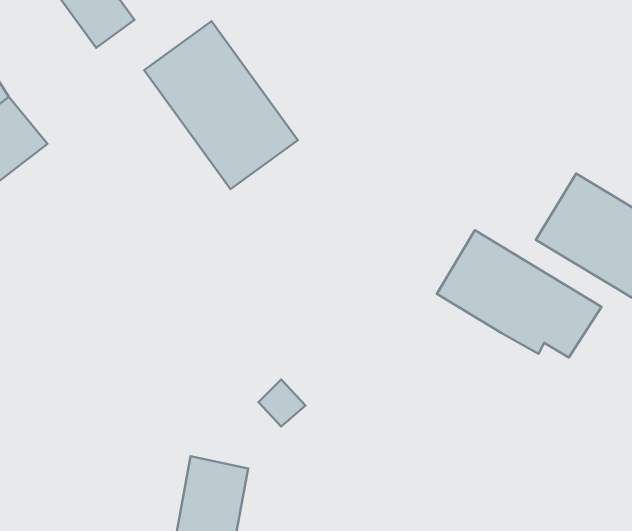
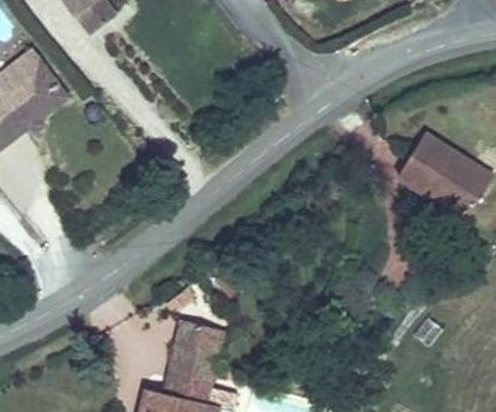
building: [144,21,298,189] -> none
building: [437,230,602,357] -> none

